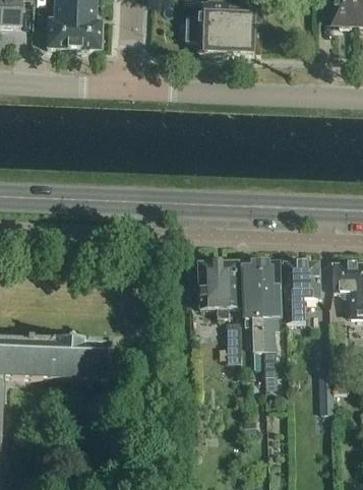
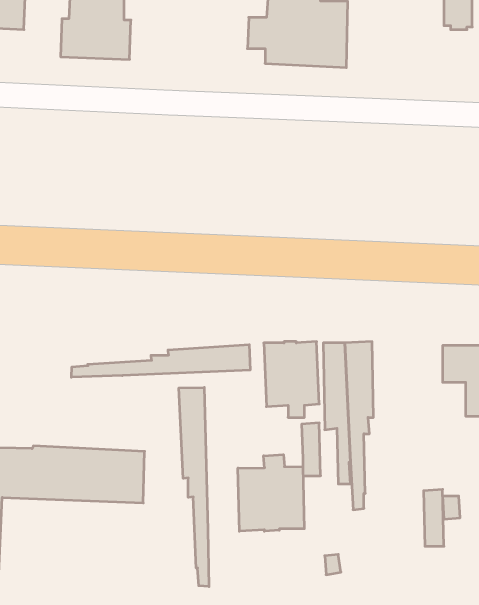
building: [285,261,321,322] -> none
building: none -> [71,345,250,377]
building: none -> [179,387,209,587]
building: none -> [238,455,304,531]

